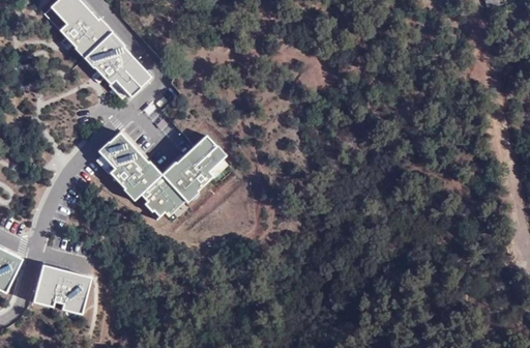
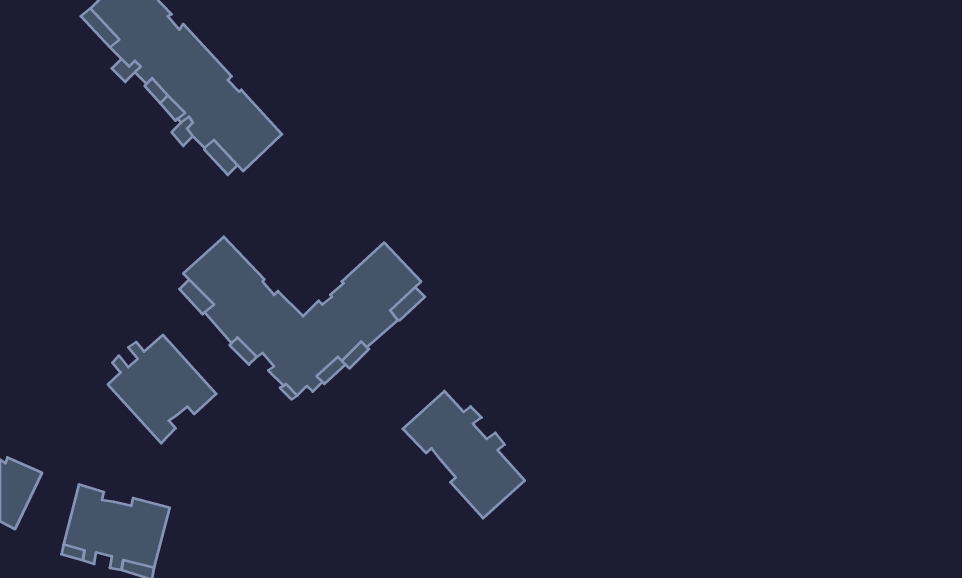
building: none -> [108,335,216,443]
building: none -> [403,391,525,518]

